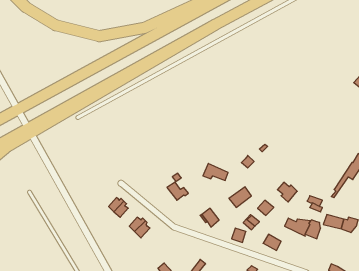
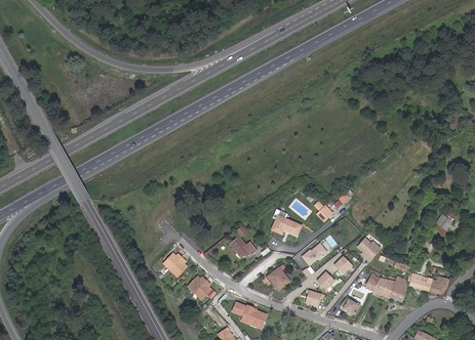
building: none -> [235,301,269,324]

